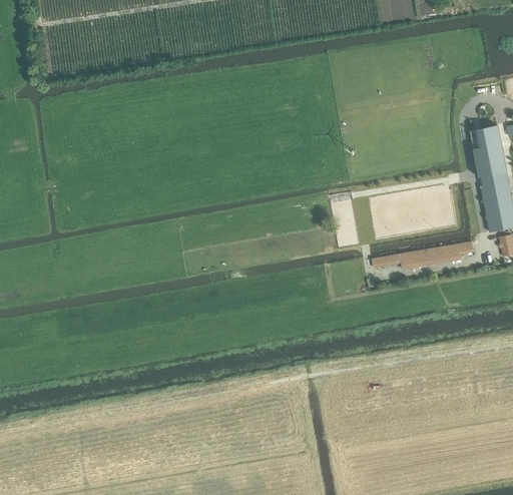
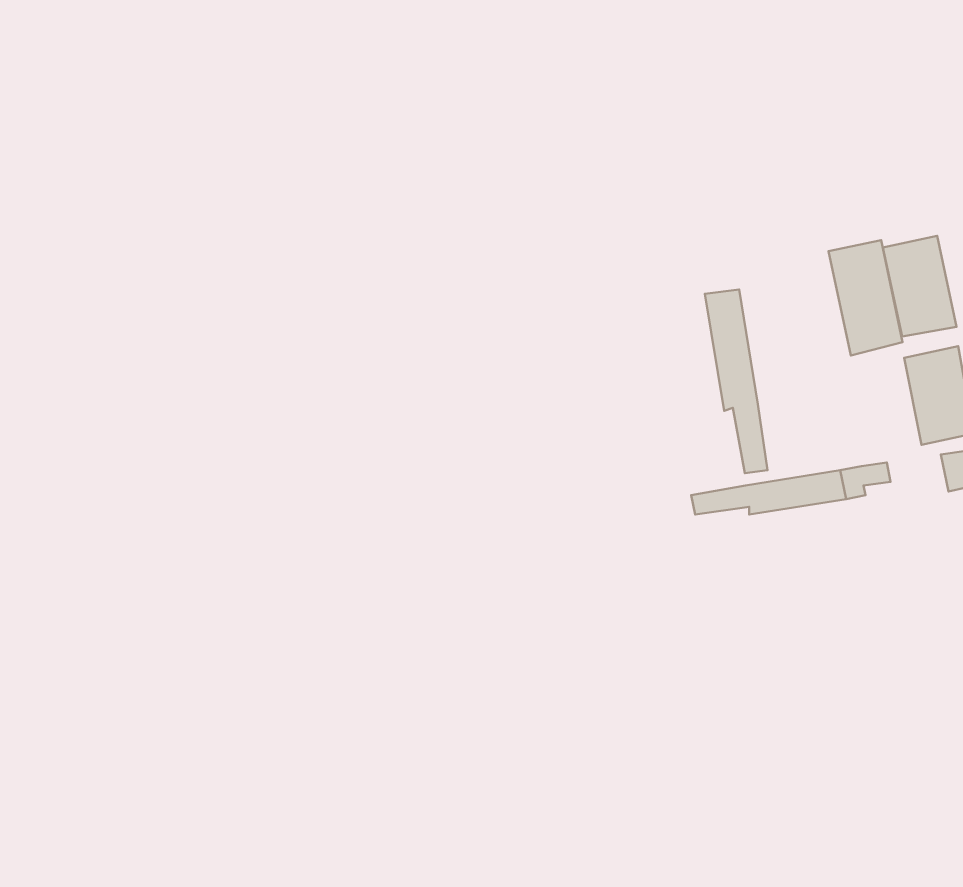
building: none -> [829,240,903,355]
building: none -> [705,289,768,473]

